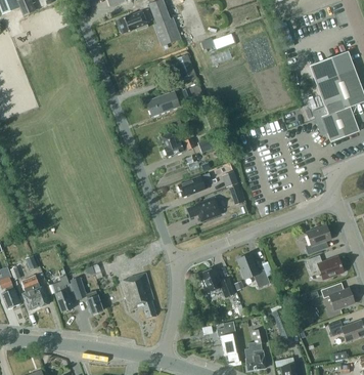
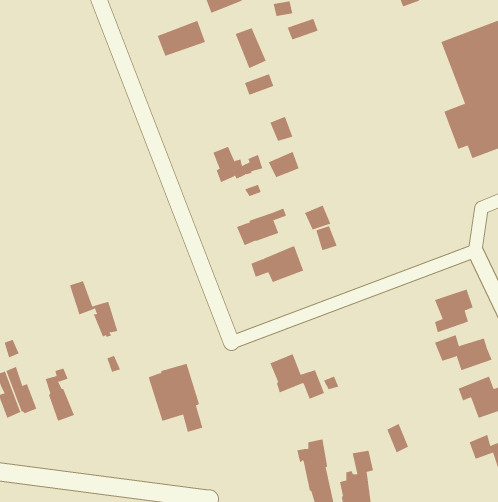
building: [146,91,178,115] -> [157,20,206,57]
building: [236,252,269,287] -> none
building: [71,277,102,314] -> [69,281,118,337]

